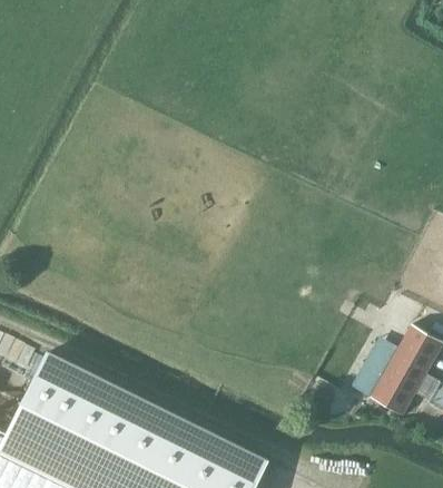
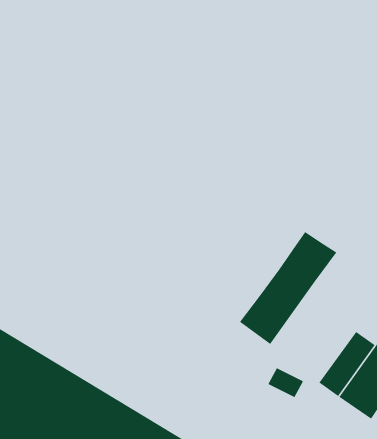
building: none -> [239,231,337,345]

